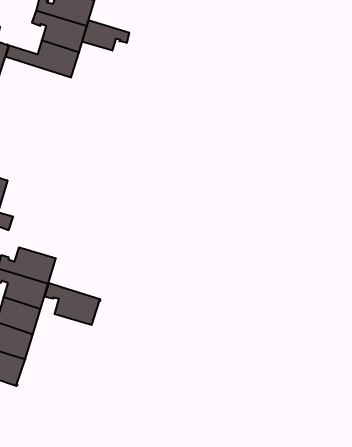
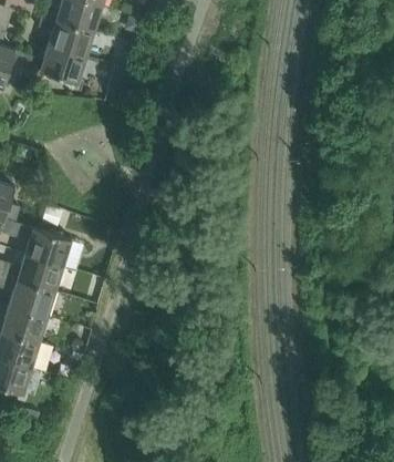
building: [82,20,129,51] -> none
building: [45,283,100,325] -> [14,226,71,268]

